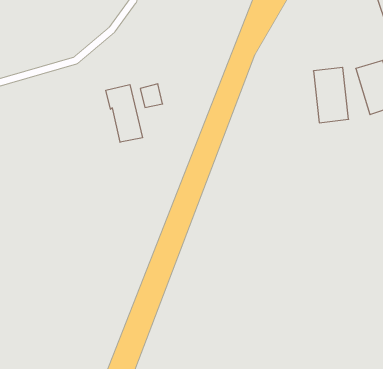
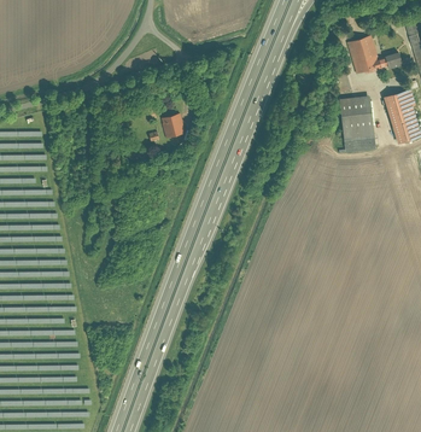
building: none -> [346,34,404,74]
building: [106,85,142,142] -> none

